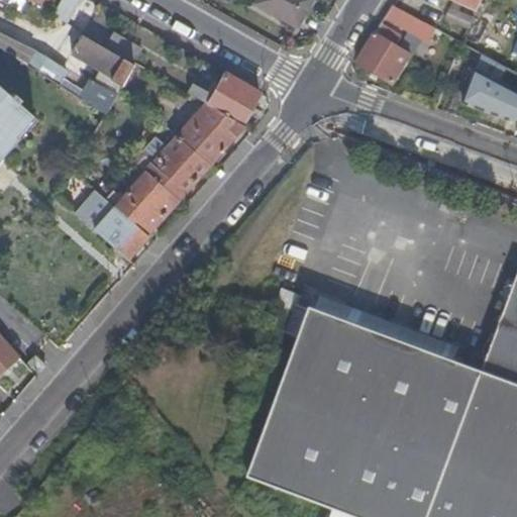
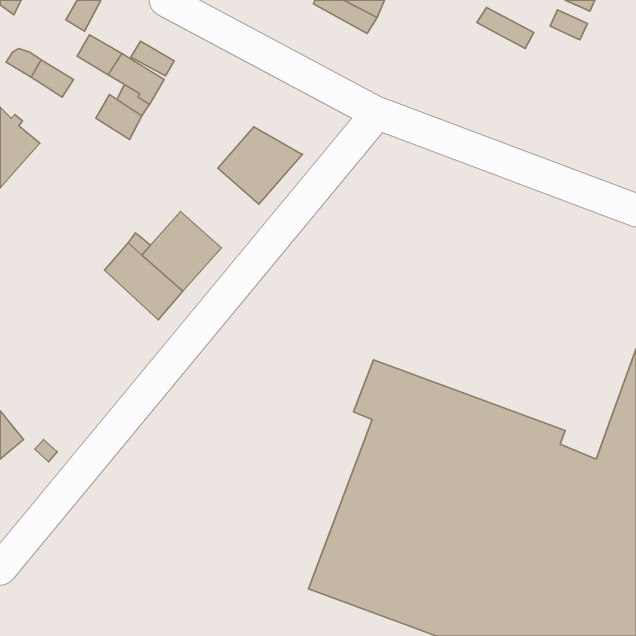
building: [360,24,413,84] -> none
building: [455,66,509,112] -> none
building: [188,73,262,124] -> none
building: [129,136,210,201] -> none

